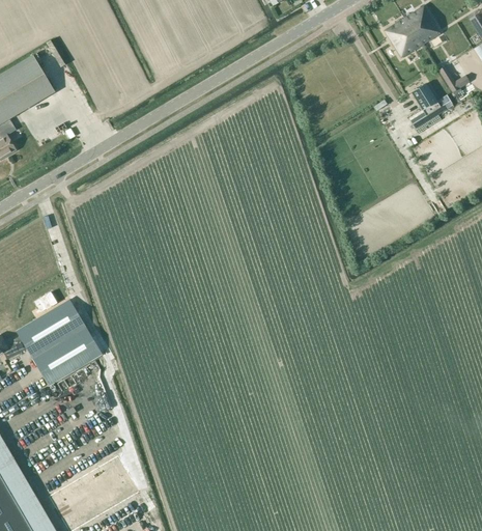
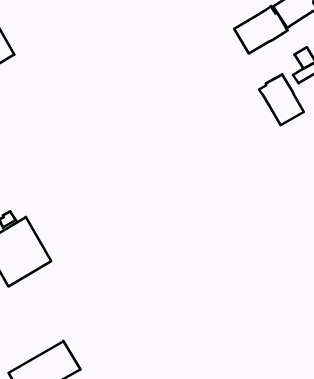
building: none -> [234,6,288,53]
building: none -> [259,74,304,125]

